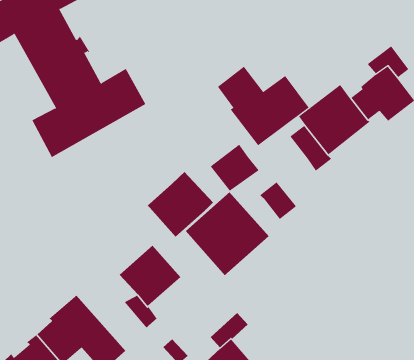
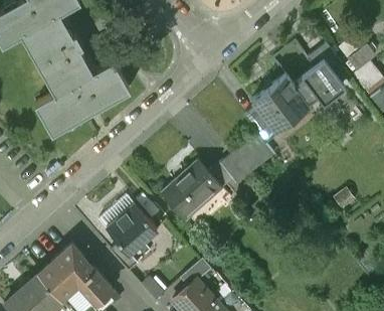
building: [217,66,310,146] -> none
building: [210,144,260,191] -> [234,133,274,171]
building: [146,171,214,237] -> none

